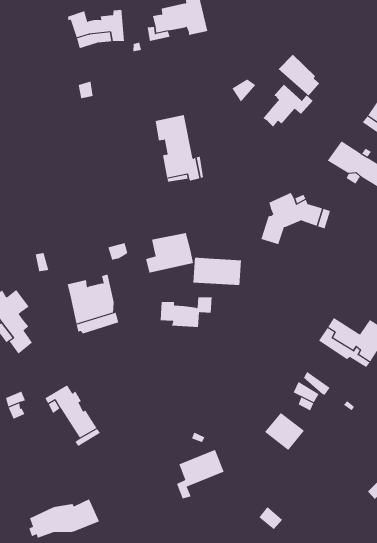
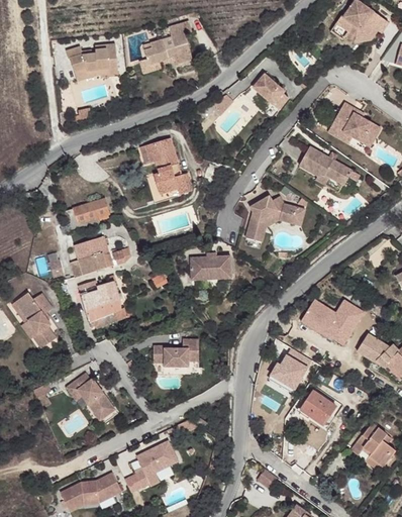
building: [263,84,313,127] -> none
building: none -> [64,197,110,228]
building: [145,232,194,273] -> [71,238,113,276]
building: [160,297,212,328] -> [154,339,198,367]
building: [264,412,305,451] -> [300,392,335,425]
building: [176,449,225,499] -> [135,440,177,486]

